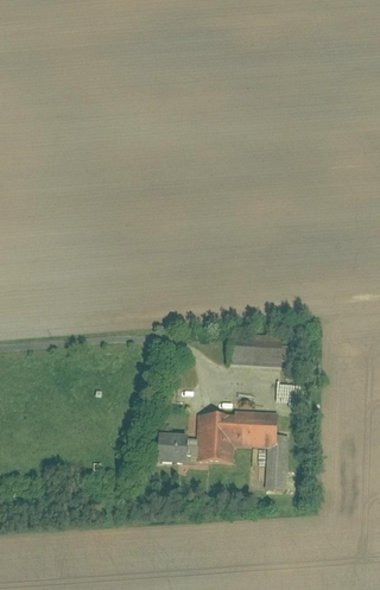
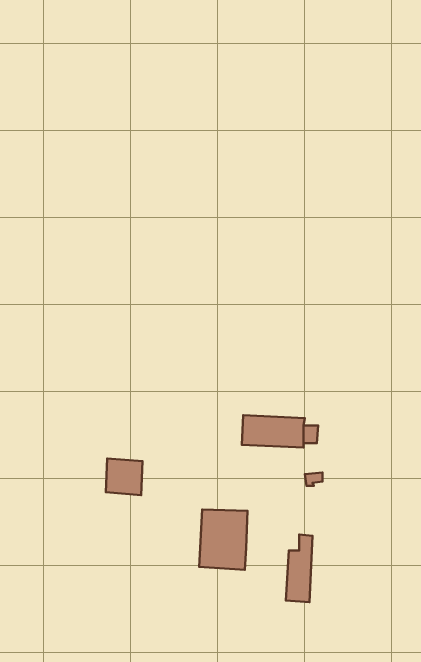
building: [234,411,278,448] -> none
building: [156,434,185,464] -> [106,458,143,495]

